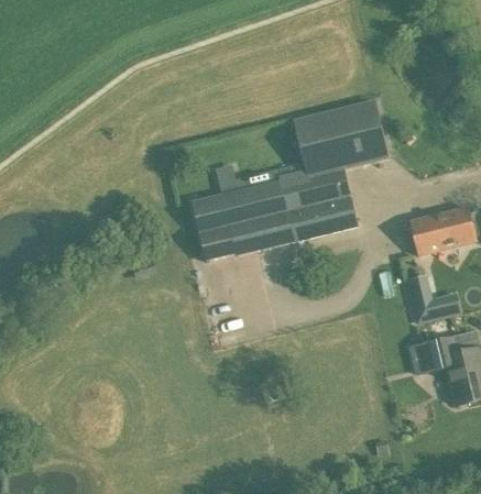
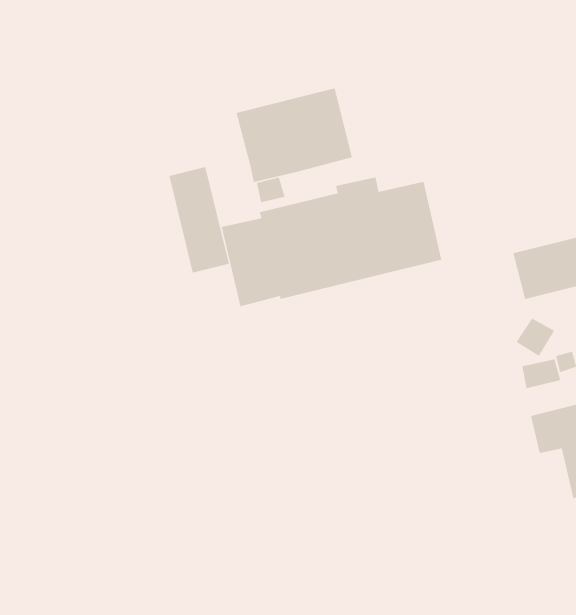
building: [296,102,384,174] -> [235,88,353,183]
building: none -> [168,166,230,273]

